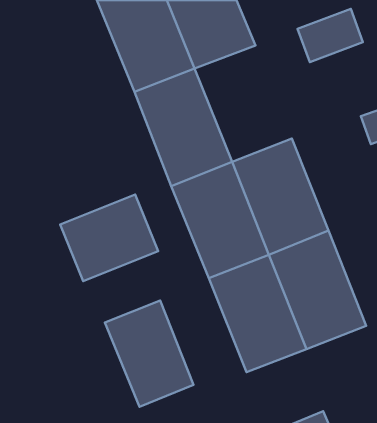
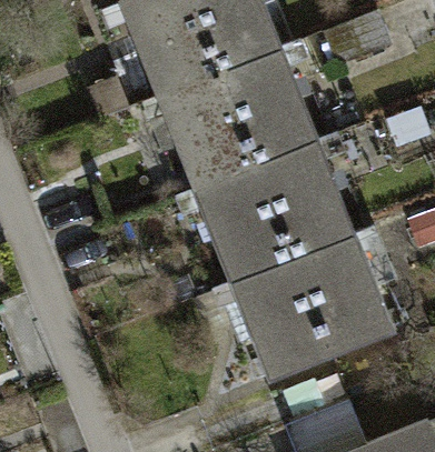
building: none -> [219,46,317,162]
building: [60,195,158,281] -> none
building: [105,300,193,407] -> none

